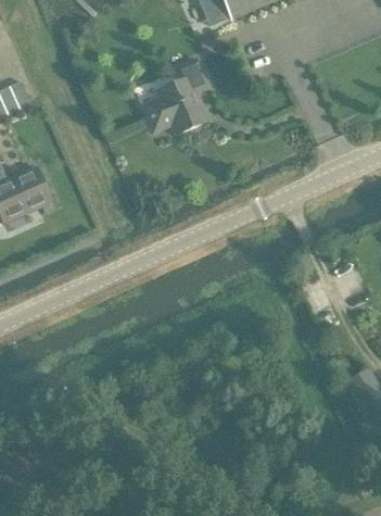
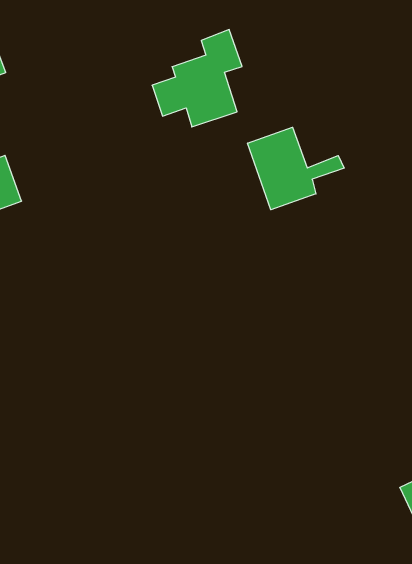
building: none -> [248,127,344,210]

